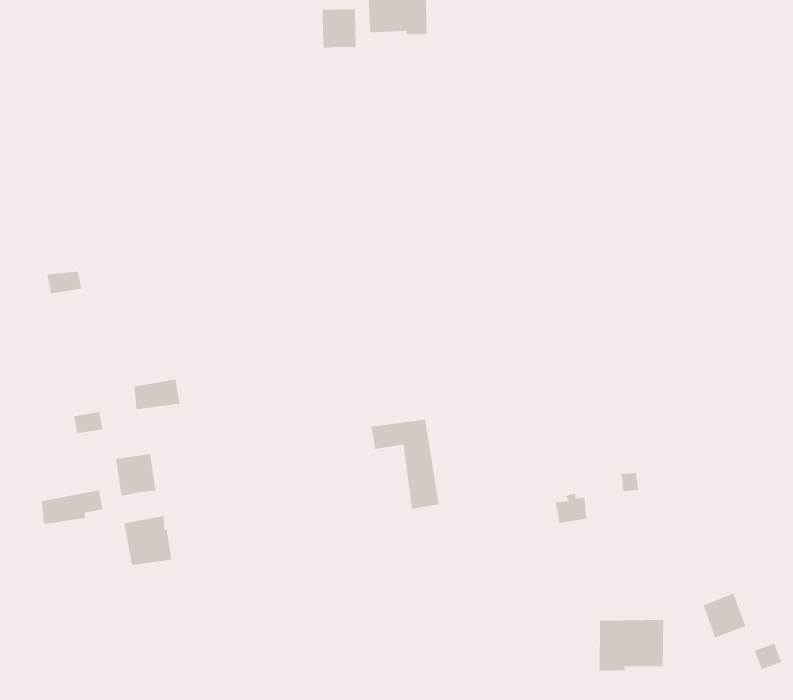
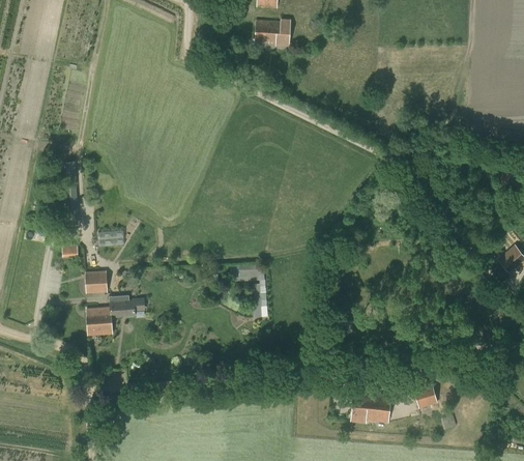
building: [322,9,356,49] -> none
building: [41,490,103,524] -> [110,298,145,315]

